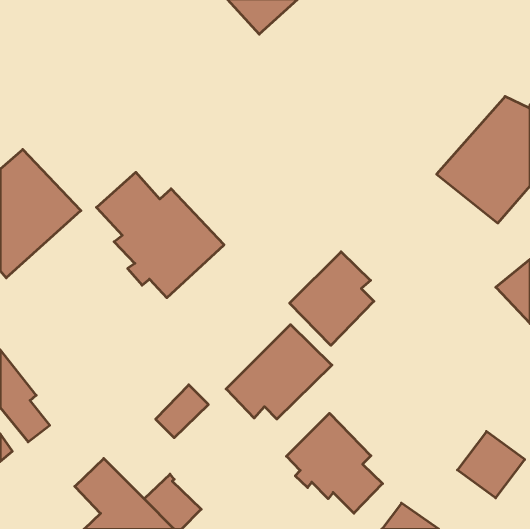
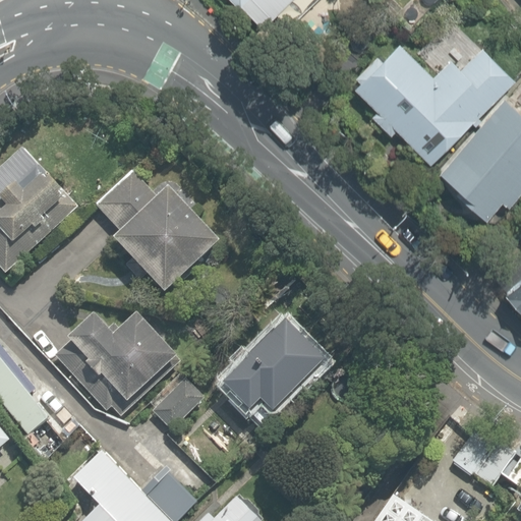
building: none -> [346,39,506,161]
building: [290,252,374,345] -> none
building: none -> [54,311,181,416]
building: [286,413,383,513] -> none

